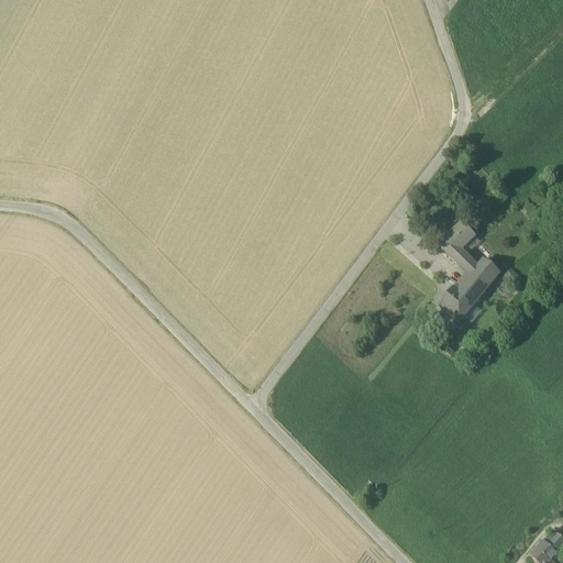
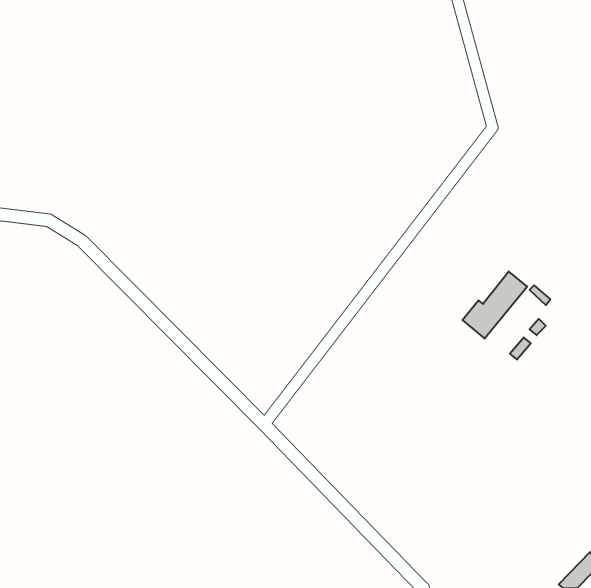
building: [439,220,476,262] -> none

